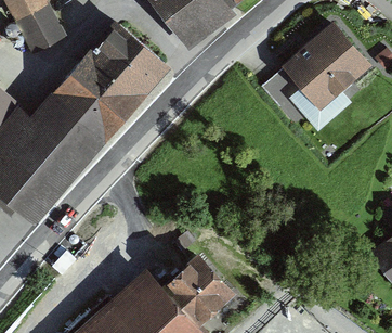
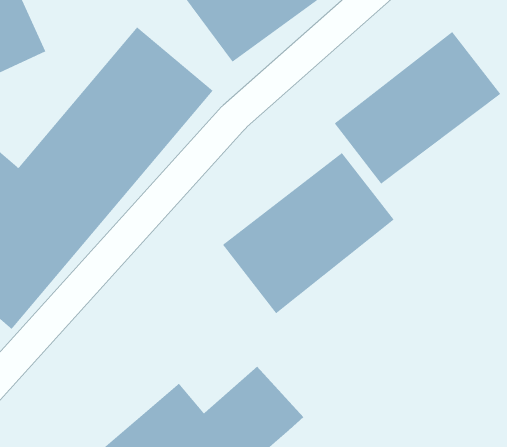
building: none -> [222,152,395,314]

